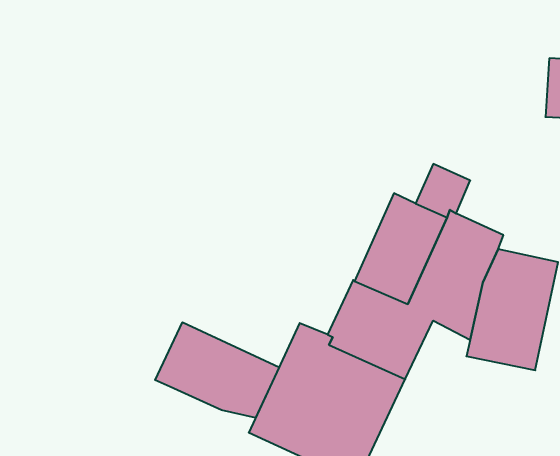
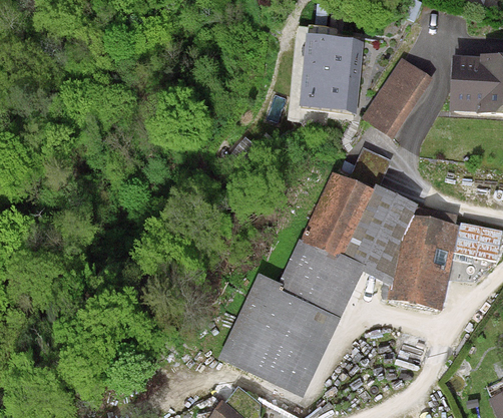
building: none -> [300,32,365,111]
building: none -> [362,56,434,137]
building: [155,322,279,418] -> none

